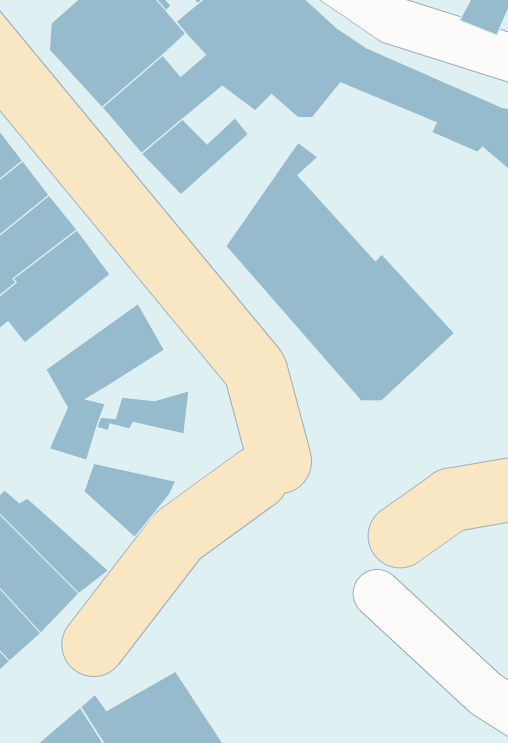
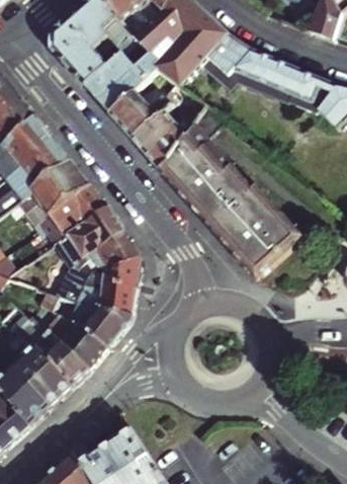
building: none -> [133,92,204,169]
building: none -> [36,186,106,245]
building: none -> [89,233,138,264]
building: none -> [75,277,135,314]
building: none -> [38,316,104,369]

